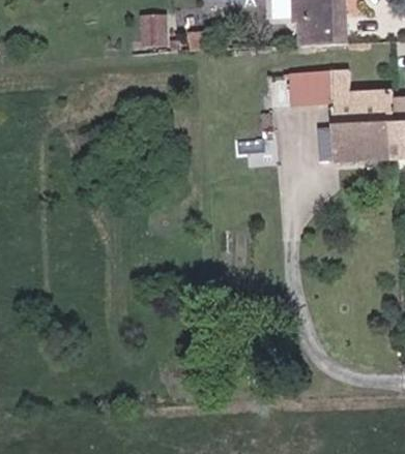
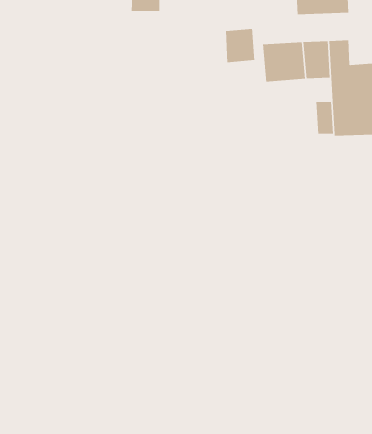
building: none -> [225,28,255,63]

